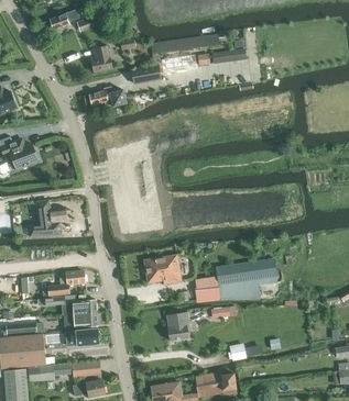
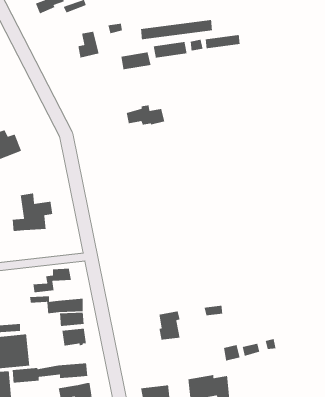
building: [89,86,127,105] -> [126,105,165,125]
building: [143,254,181,283] -> none
building: [194,258,276,301] -> none

